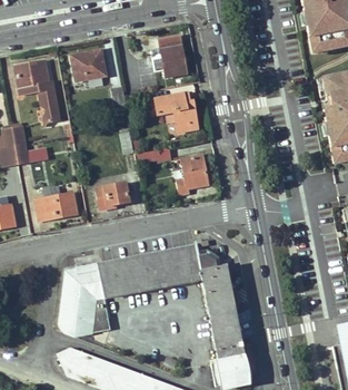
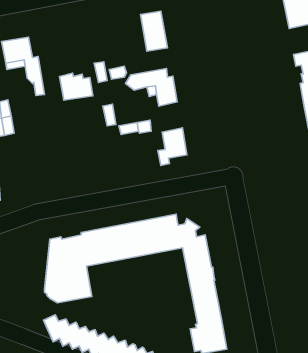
building: [72,52,107,80] -> [59,73,93,100]
building: [98,181,130,209] -> none
building: [37,193,79,221] -> none

